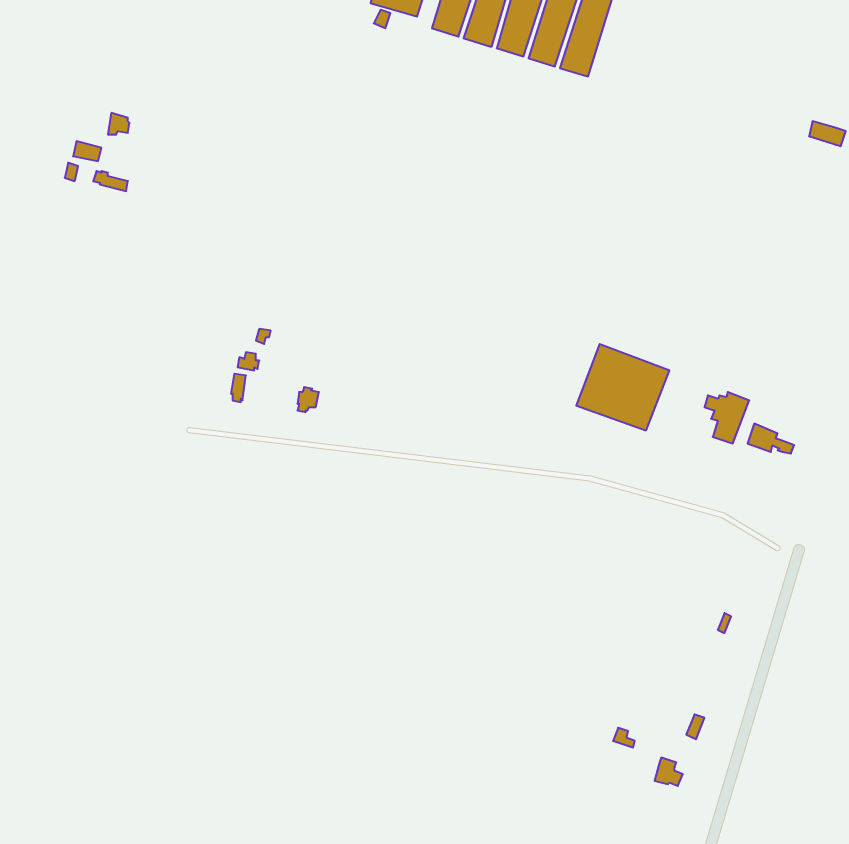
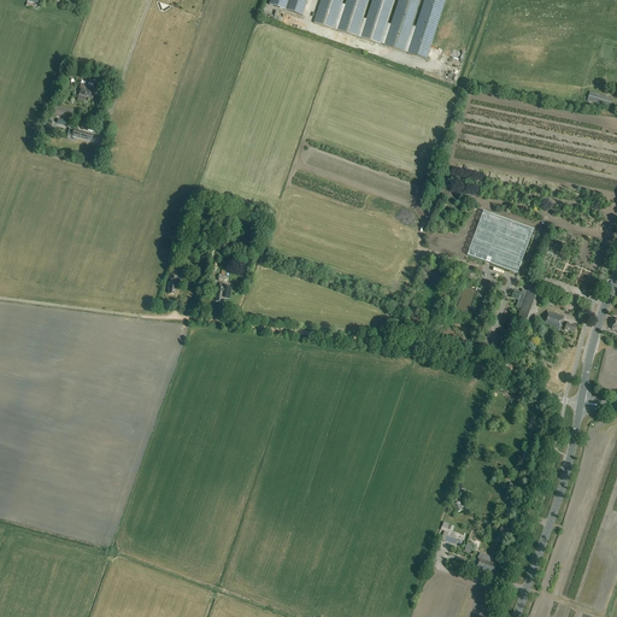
building: [576,344,669,430] -> [466,208,534,271]

